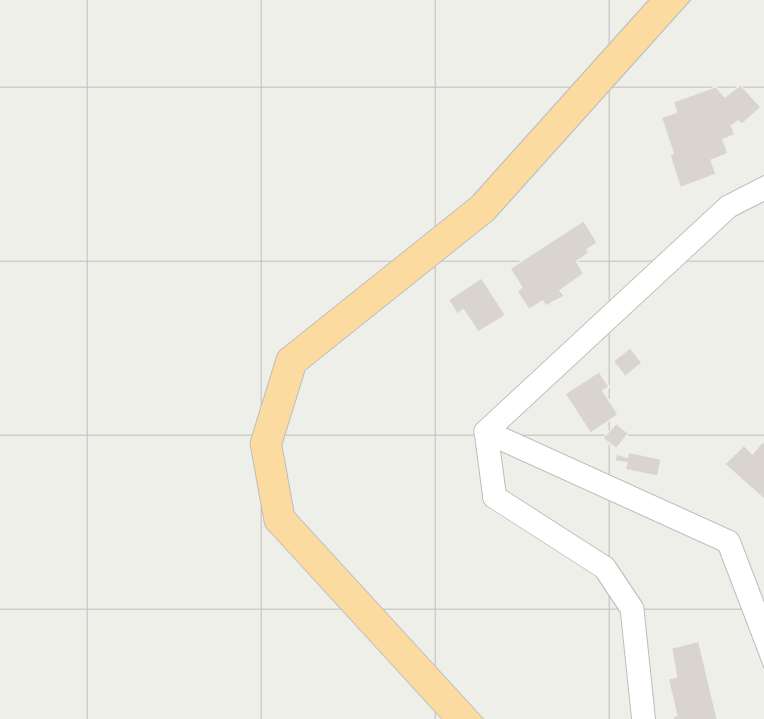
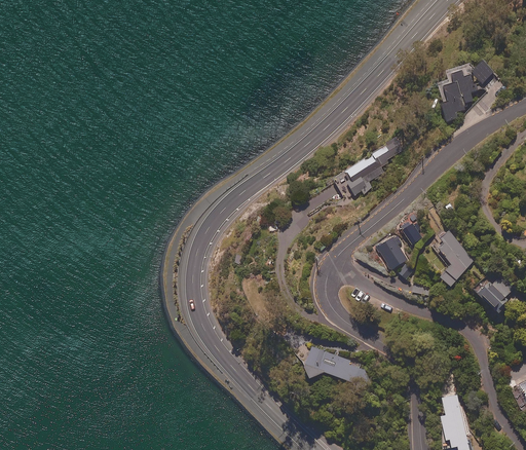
building: [448,278,506,332] -> none
building: none -> [437,232,476,287]
building: none -> [303,345,370,388]

